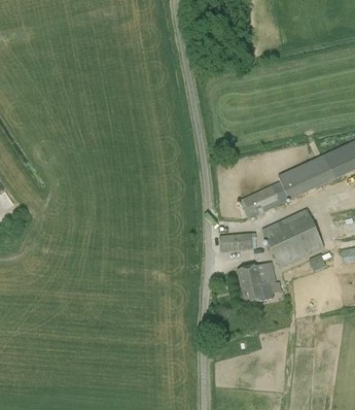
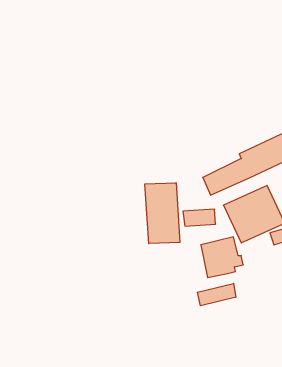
building: none -> [145,183,180,244]
building: none -> [197,283,236,306]

